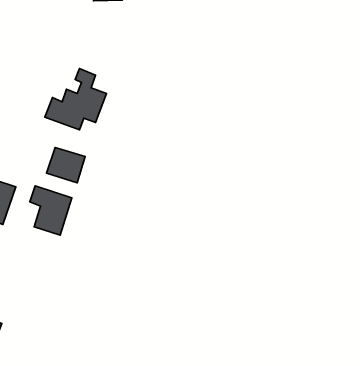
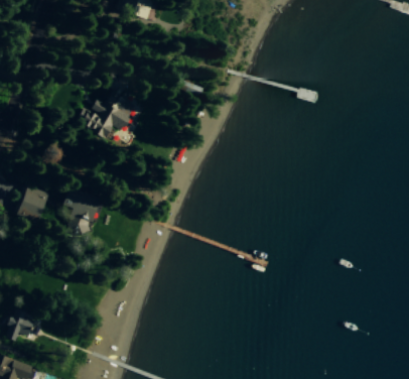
building: [47,147,85,183] -> none

